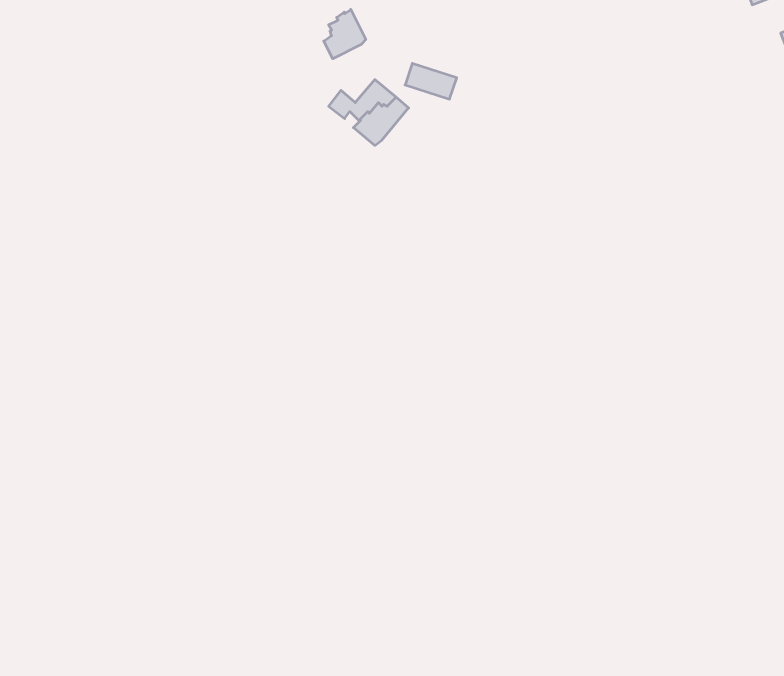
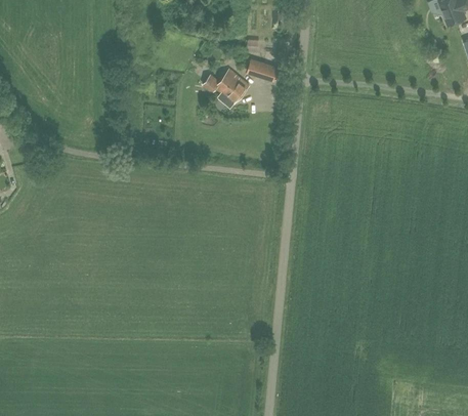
building: [324,9,366,59] -> none

